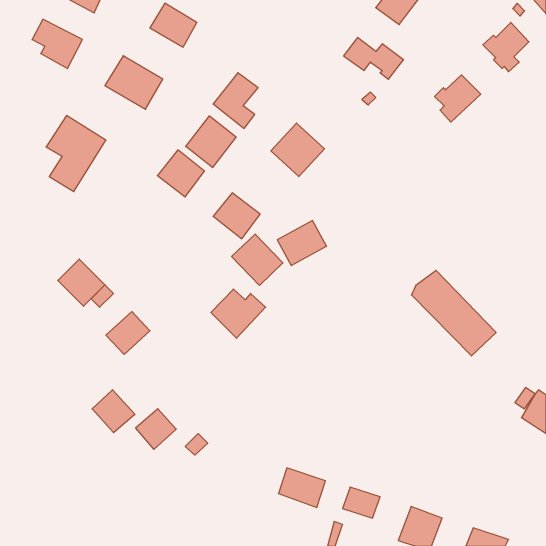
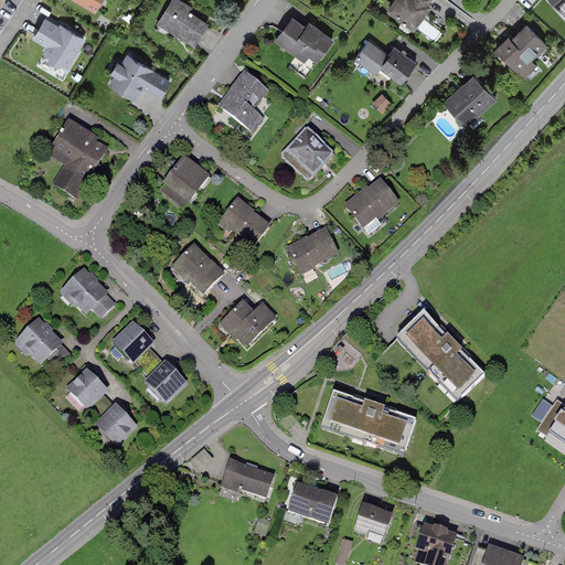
building: none -> [276,17,332,61]
building: [186,116,236,168] -> none
building: none -> [345,182,396,234]
building: [232,234,283,285] -> [170,243,223,296]
building: [411,270,496,356] -> [395,311,482,399]
building: none -> [14,316,63,364]
building: none -> [61,366,109,415]
building: none -> [320,393,416,449]
building: [136,409,176,449] -> [143,361,185,403]
building: none -> [220,459,271,499]

